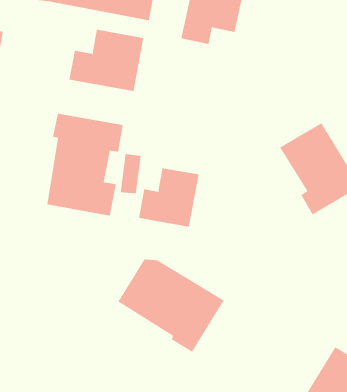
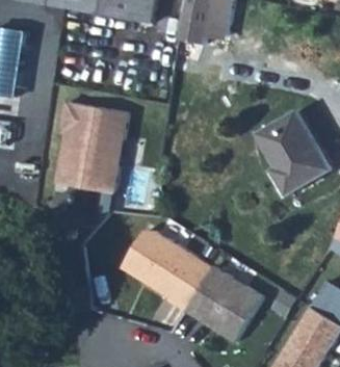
building: [69,29,144,92] -> none
building: [138,167,199,228] -> none
building: none -> [186,265,264,341]

